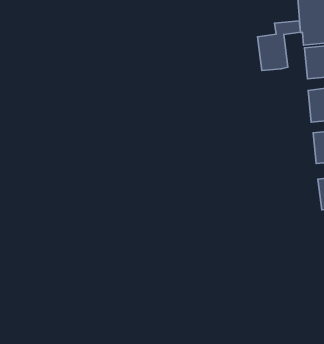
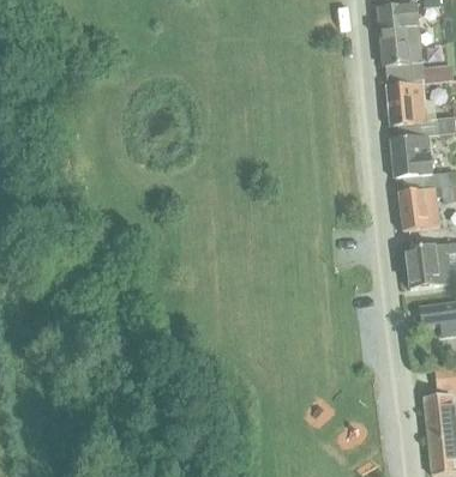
building: [258,21,301,71] -> none

